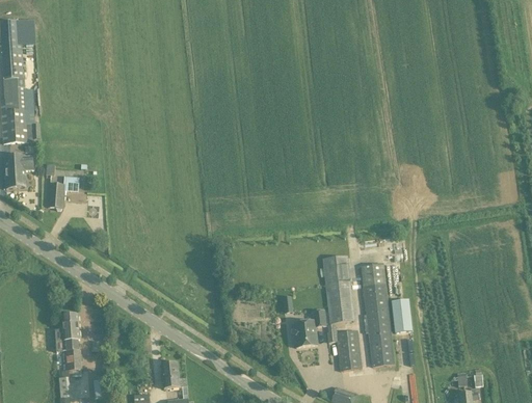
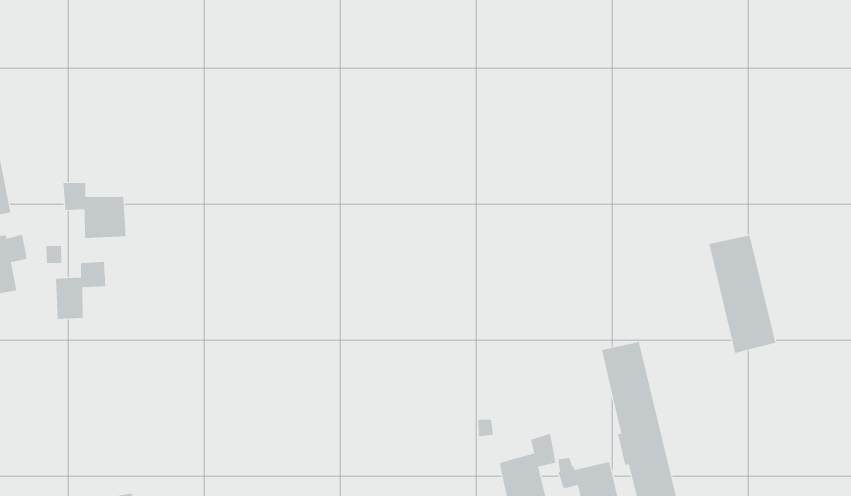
building: none -> [63,182,126,239]
building: [321,254,353,322] -> [708,235,776,353]
building: [391,297,411,331] -> none

